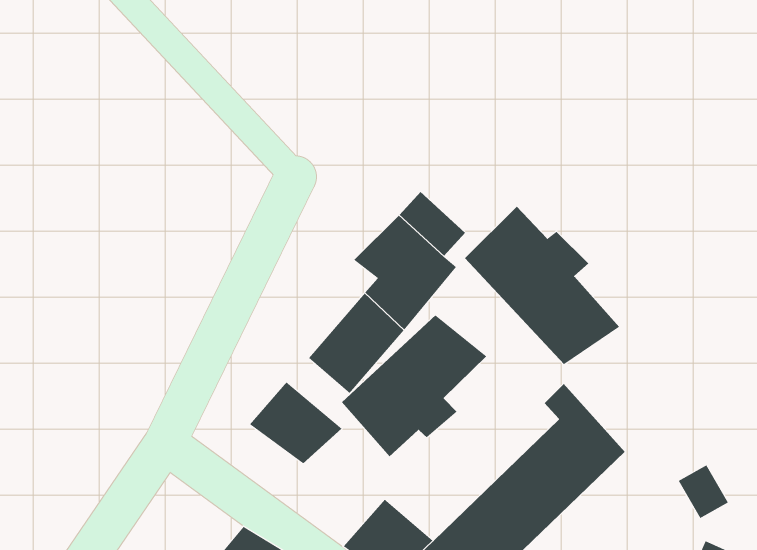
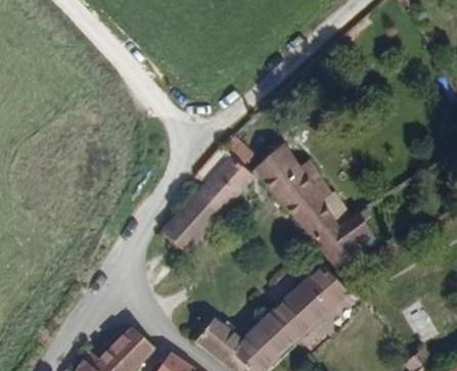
building: none -> [322,211,376,260]
building: [341,314,487,457] -> none
building: [249,382,342,464] -> none

